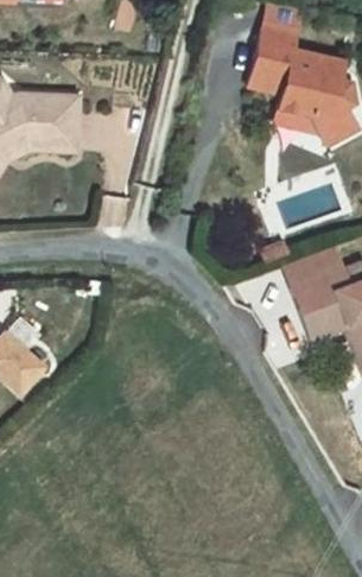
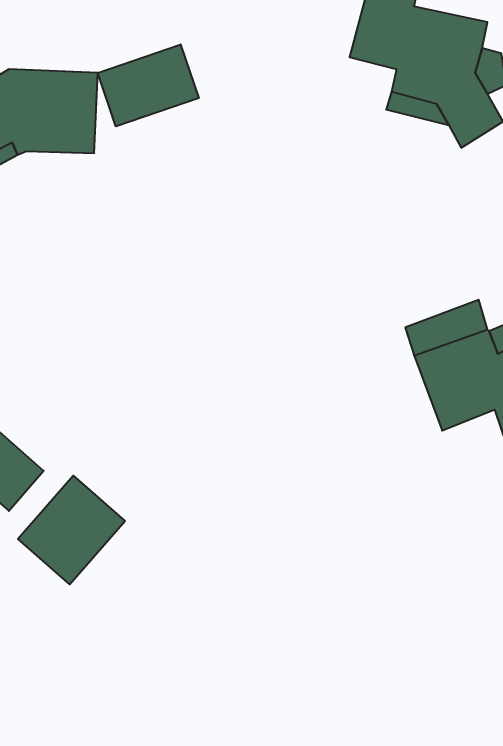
building: none -> [98,44,199,126]
building: none -> [18,476,125,584]

